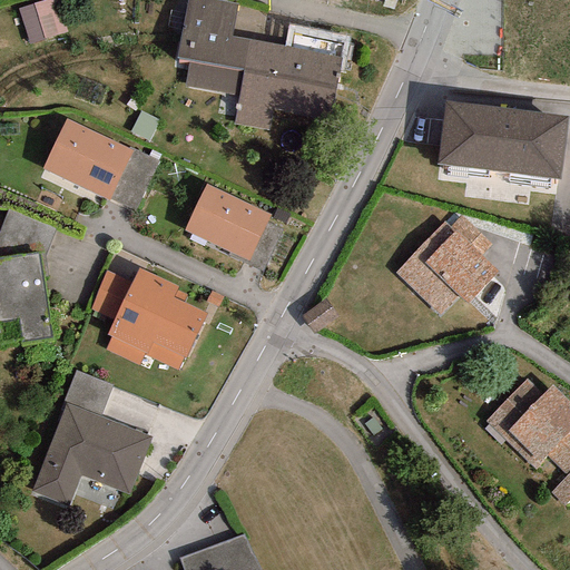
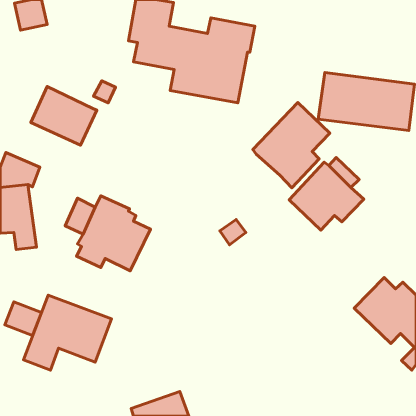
building: none -> [253,103,330,188]
building: [110,146,159,210] -> none
building: [183,184,269,261] -> none
building: [62,370,112,415] -> [5,302,41,335]

